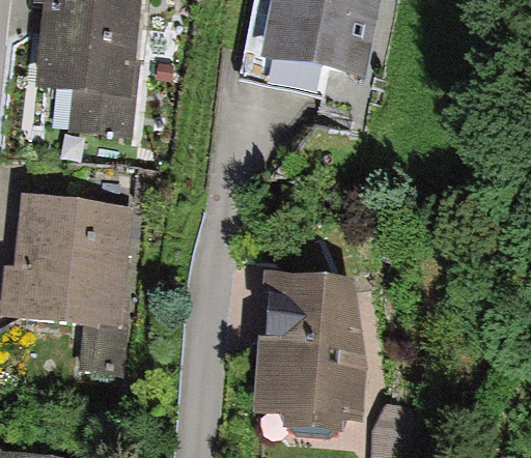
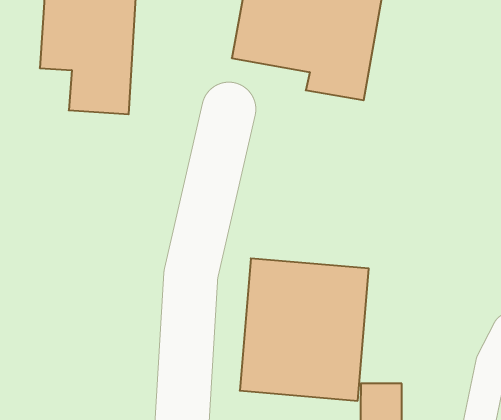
building: [9,196,122,366] -> none

